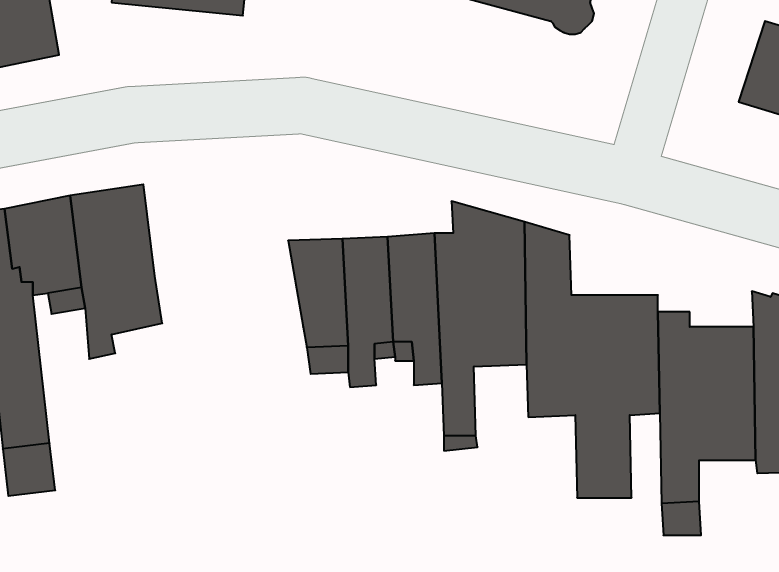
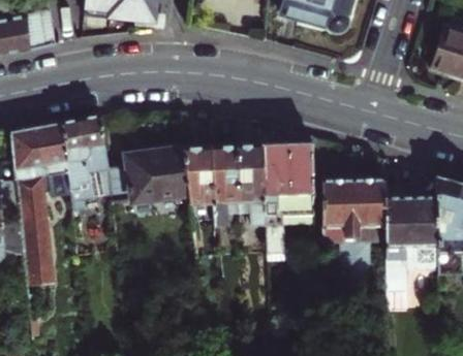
building: none -> [109,147,190,202]

